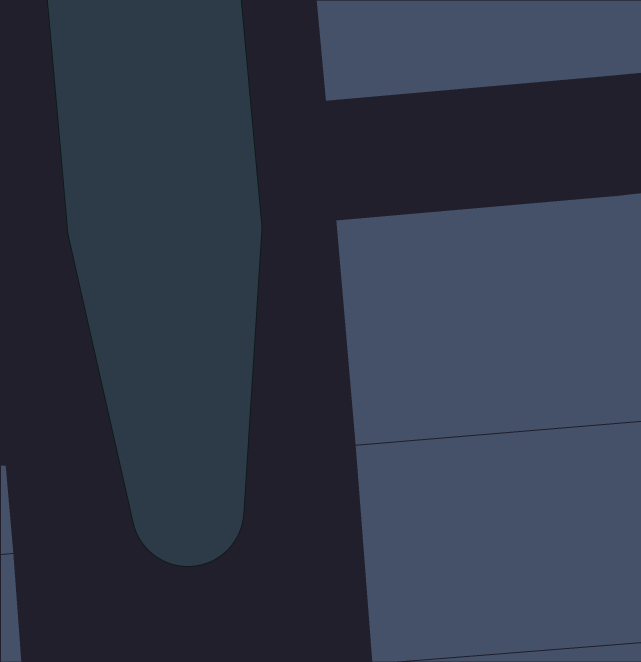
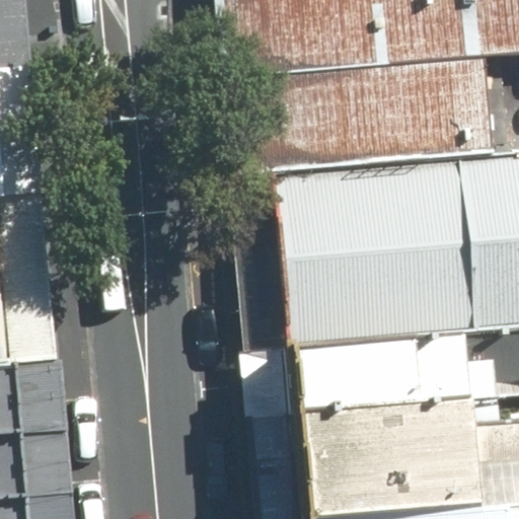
building: none -> [271,60,500,172]

